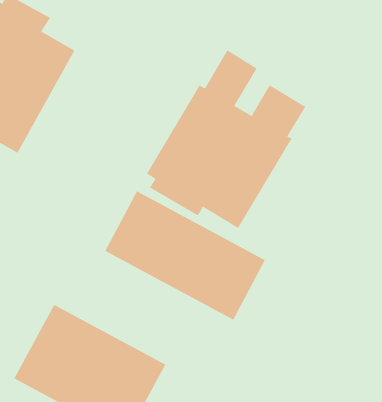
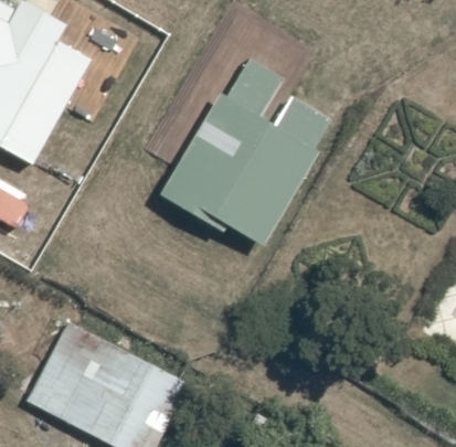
building: [105,191,266,321] -> none

